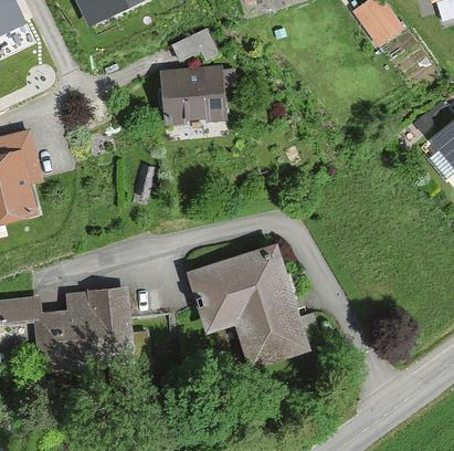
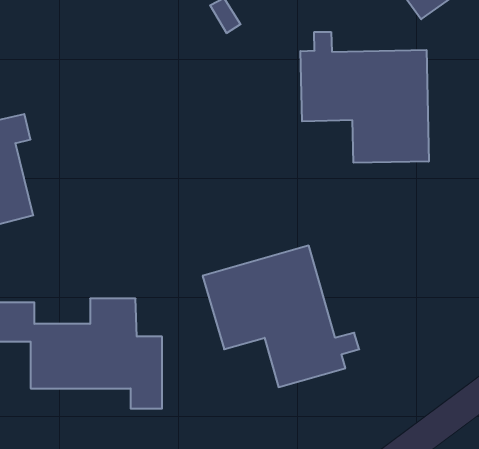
building: none -> [300,32,429,163]
building: [160,64,239,122] -> none

